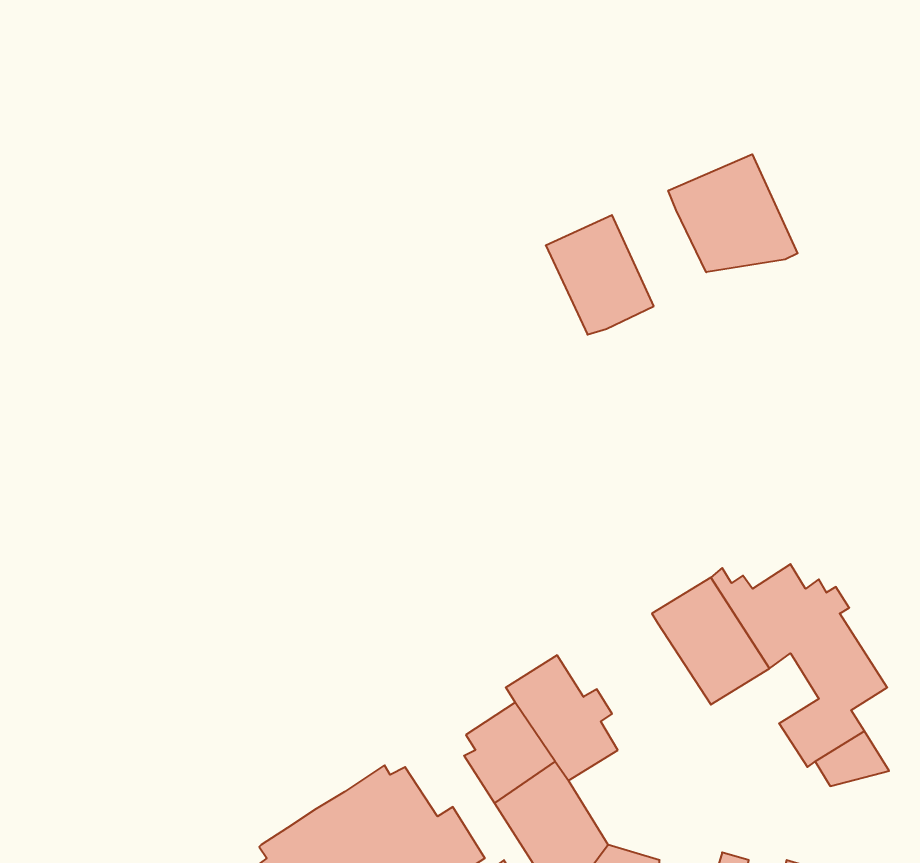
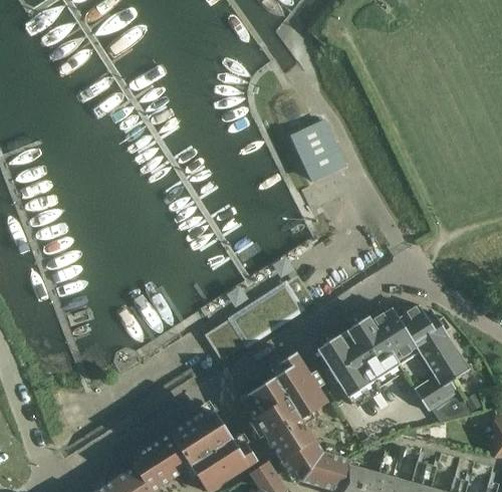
building: [668,154,798,272] -> none
building: none -> [207,285,300,359]
building: none -> [316,334,376,398]

